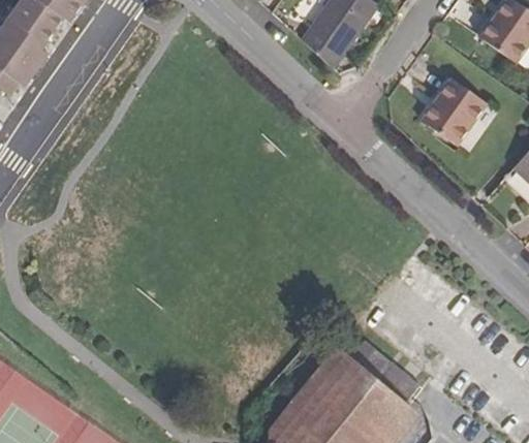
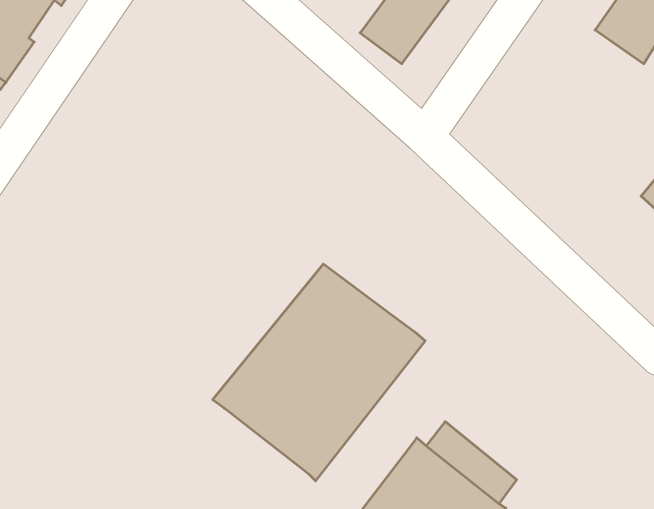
building: [423,80,488,146] -> none
building: none -> [213,264,425,481]

